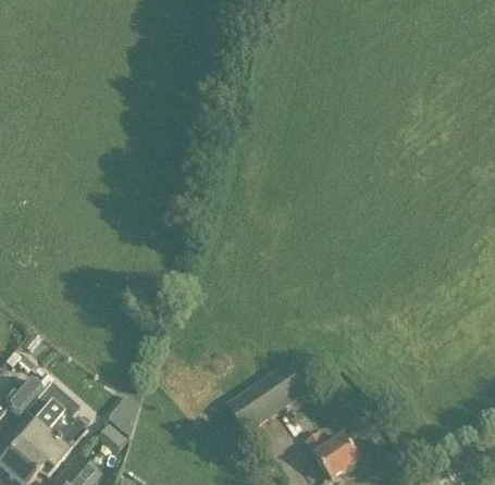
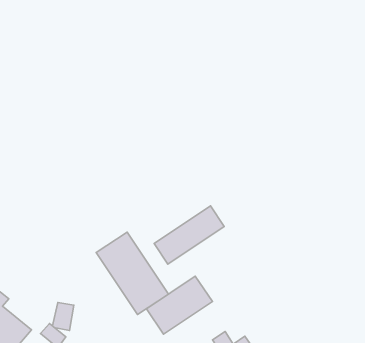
building: none -> [154,206,224,264]
building: none -> [96,232,168,314]

